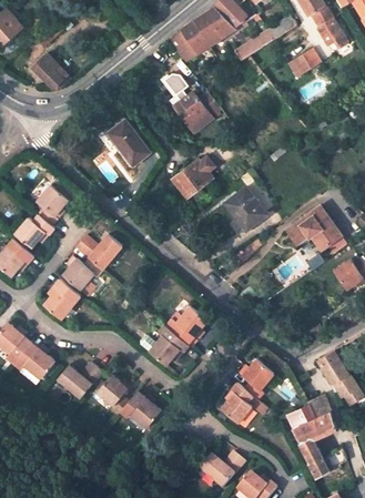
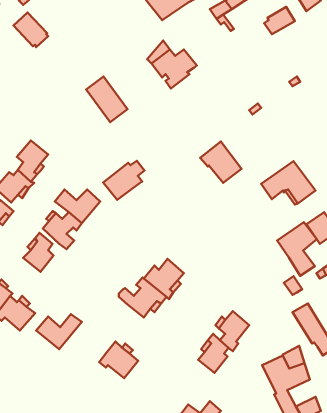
building: [171,157,213,197] -> [103,161,144,200]
building: none -> [277,222,317,276]
building: [97,375,128,416] -> none

